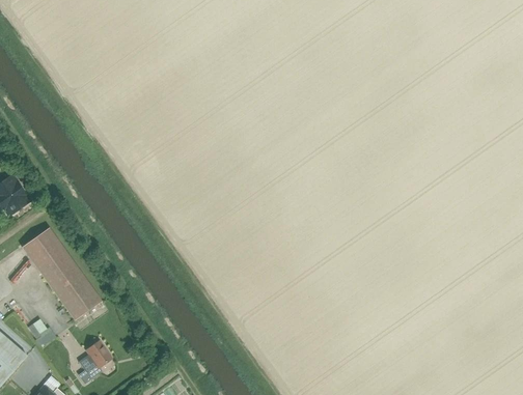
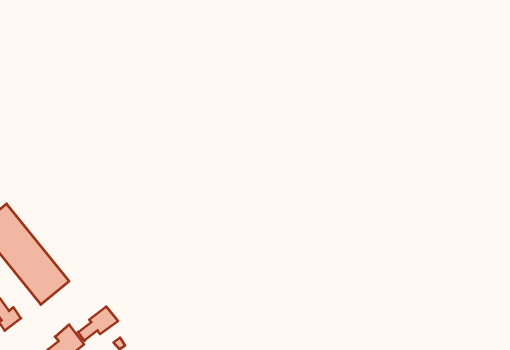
building: none -> [78,307,118,341]

